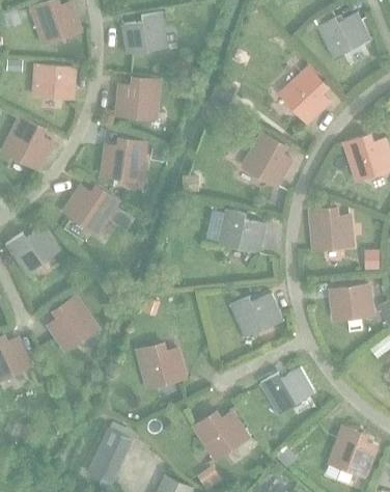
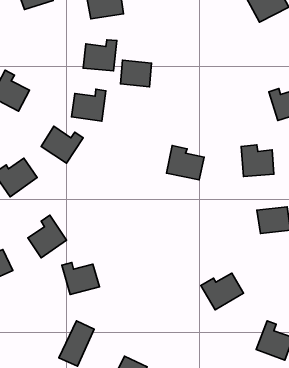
building: [33,65,74,98] -> none
building: [281,69,329,122] -> none
building: none -> [120,60,151,87]
building: [244,135,290,186] -> none
building: [231,295,283,337] -> none
building: [138,348,185,387] -> [62,263,99,294]
building: [195,413,247,459] -> none

